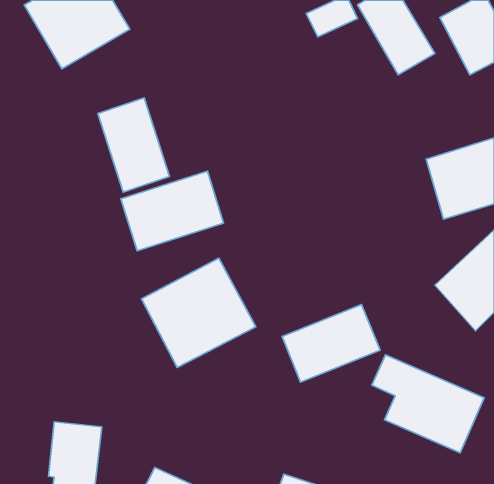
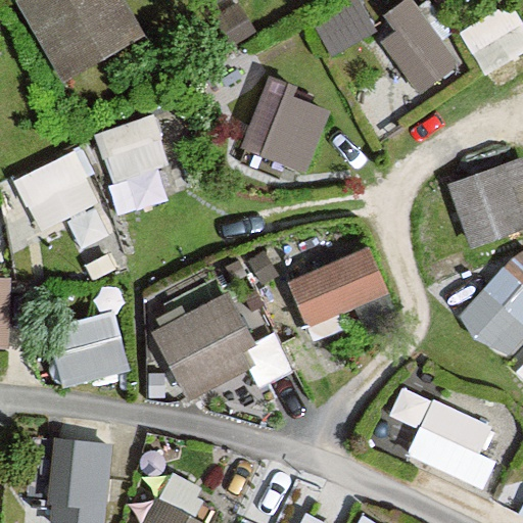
building: none -> [238,86,328,174]
building: none -> [18,153,101,230]
building: [121,171,223,251] -> none
building: none -> [47,311,130,386]
building: [282,305,380,382] -> [286,246,389,328]

